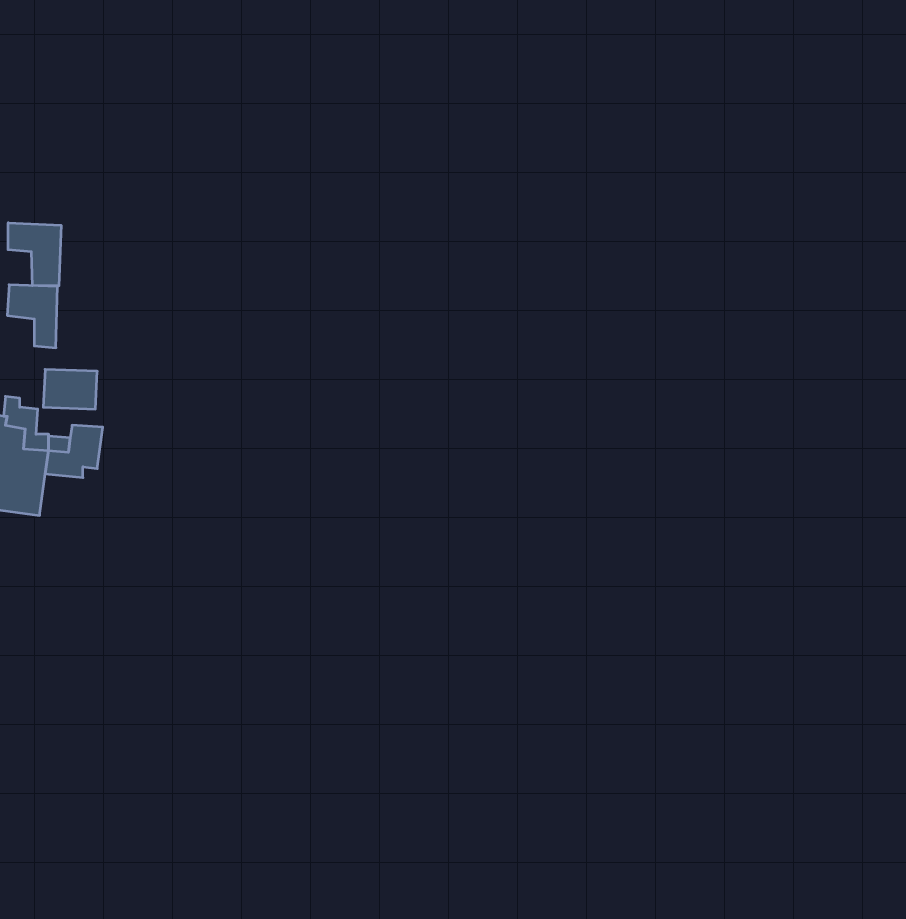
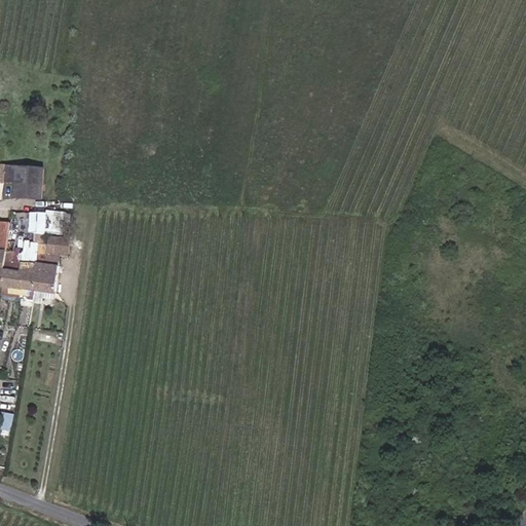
building: [8,223,61,286] -> none
building: none -> [23,271,47,297]

